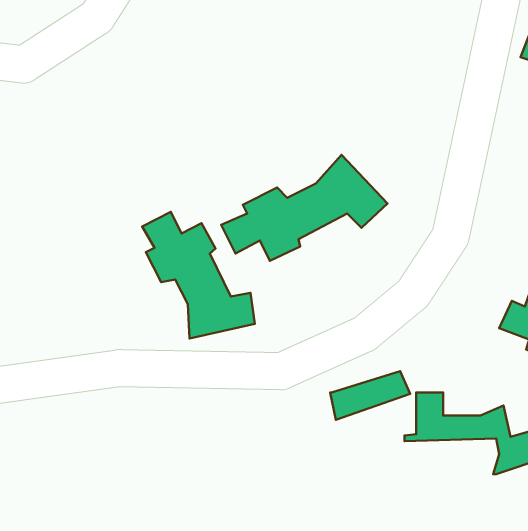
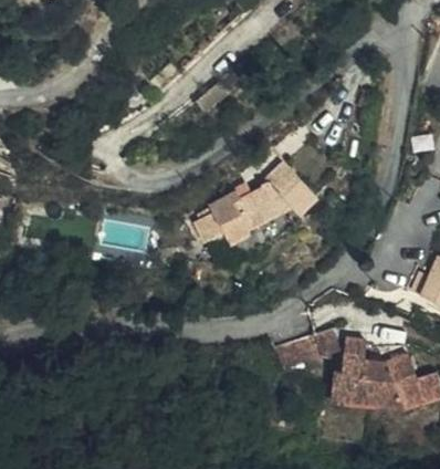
building: [142,212,255,339] -> none
building: none -> [335,379,408,407]

